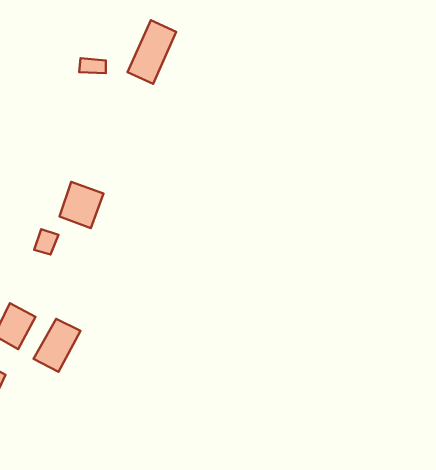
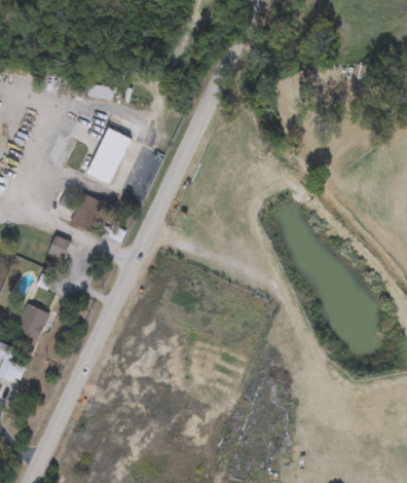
building: [128,20,176,84] -> [87,127,131,184]
building: [34,319,80,372] -> none

